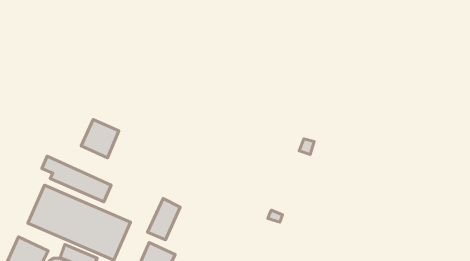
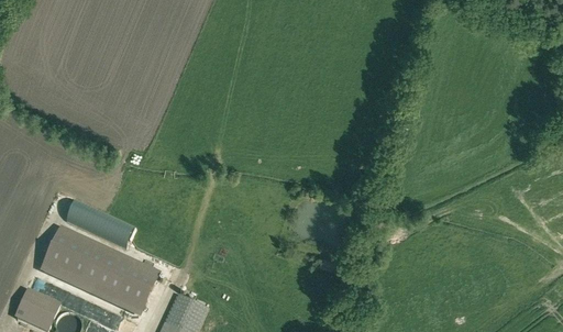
building: [81,120,119,158] -> none
building: [148,198,180,240] -> none

